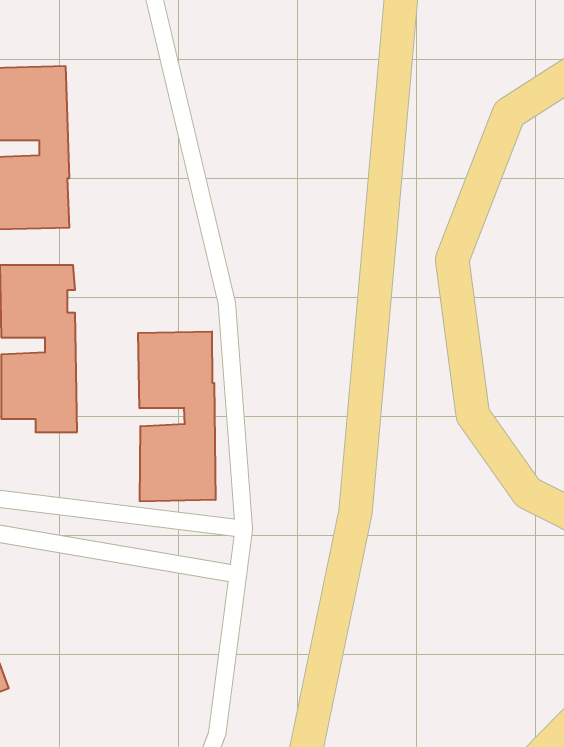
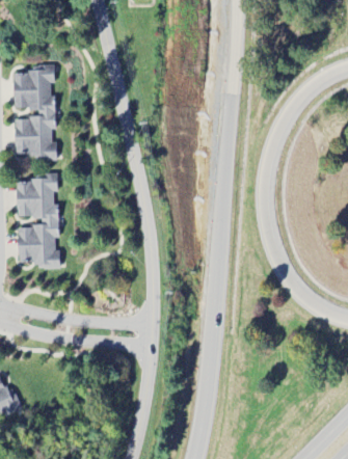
building: [138,331,216,501] -> none

